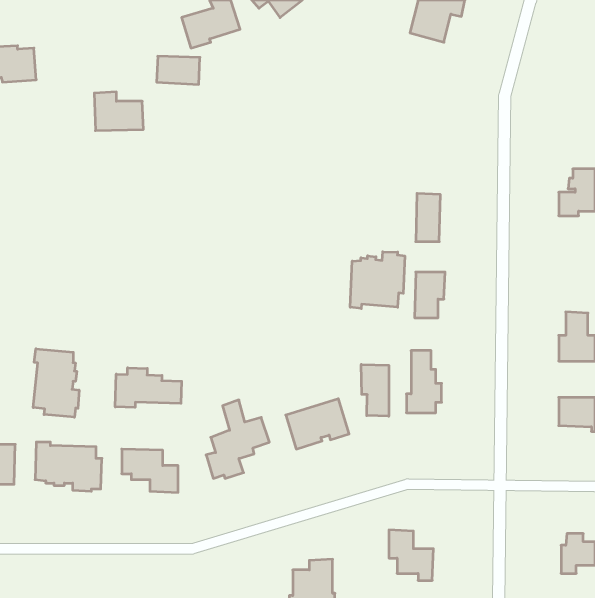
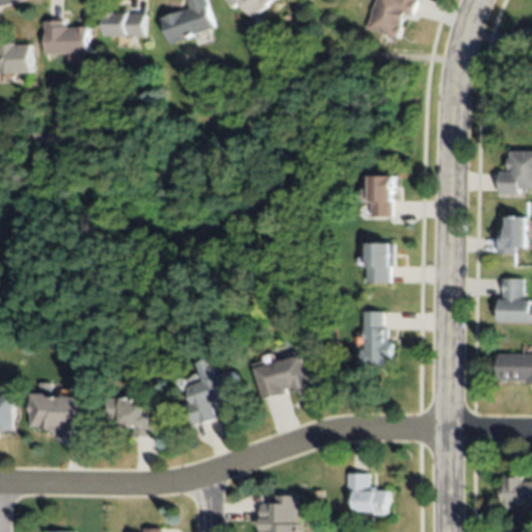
building: [157,56,200,84] -> [103,10,141,35]
building: [94,92,143,131] -> [43,19,86,53]
building: none -> [496,215,524,252]
building: [350,252,405,309] -> none
building: [33,349,79,417] -> none
building: [361,364,389,416] -> none
building: [115,368,182,407] -> none

